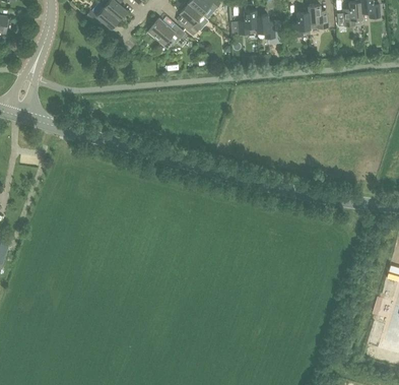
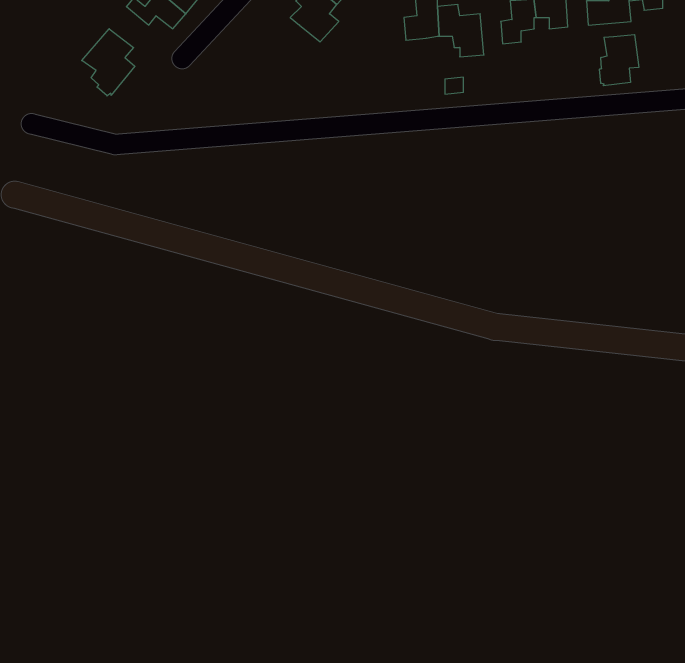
building: [148,17,187,44] -> none
building: none -> [82,29,135,96]
building: none -> [600,35,639,86]

